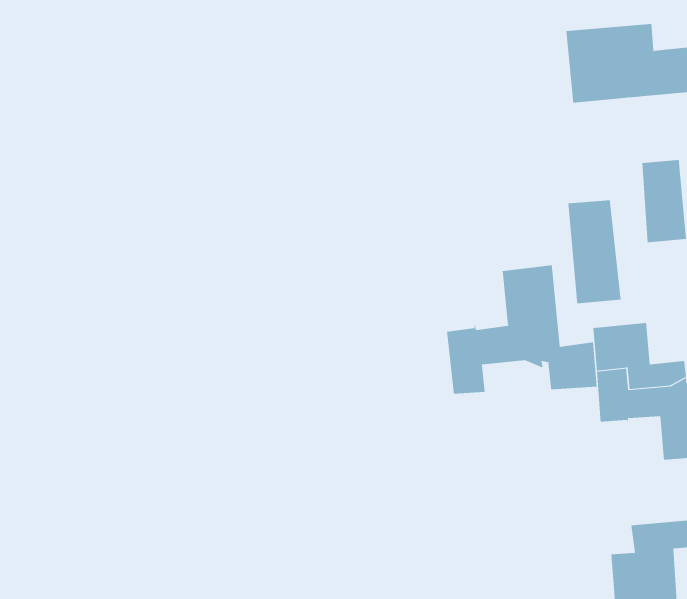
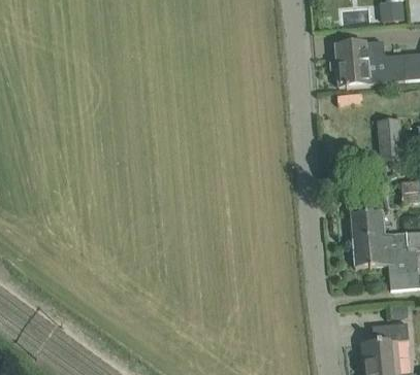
building: [568,199,621,304] -> none
building: [446,265,597,394] -> none

